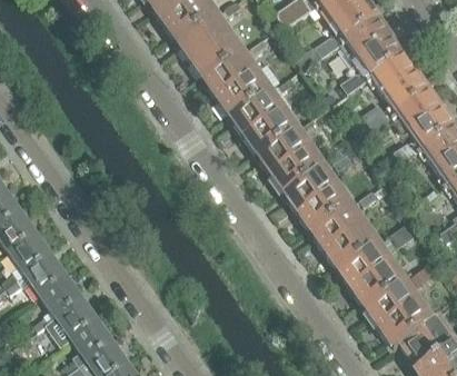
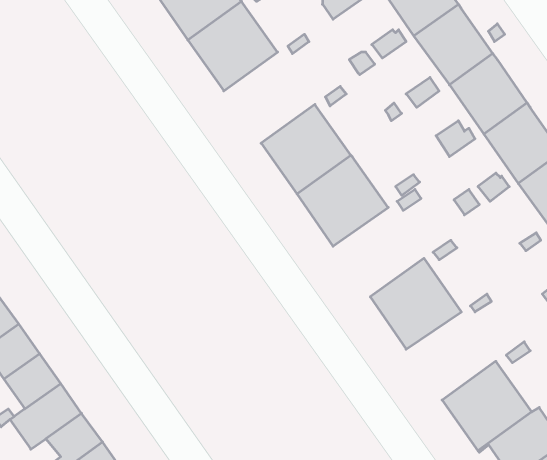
building: [206,52,274,120] -> none
building: [287,168,355,235] -> none
building: [341,246,408,311] -> none

